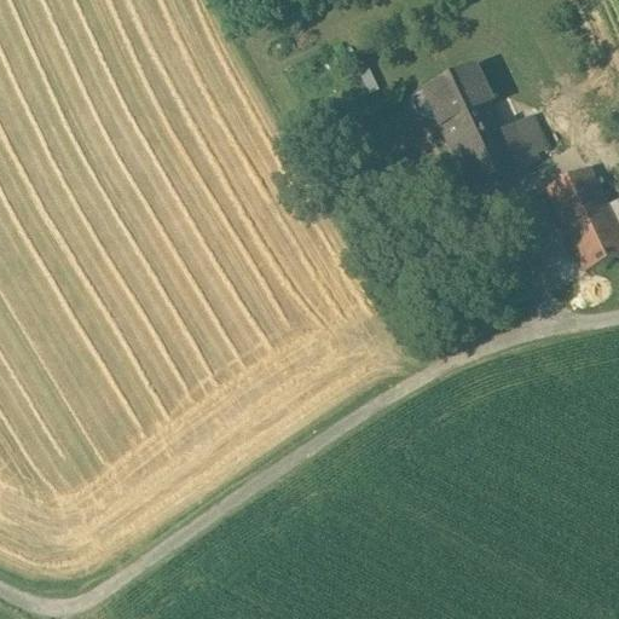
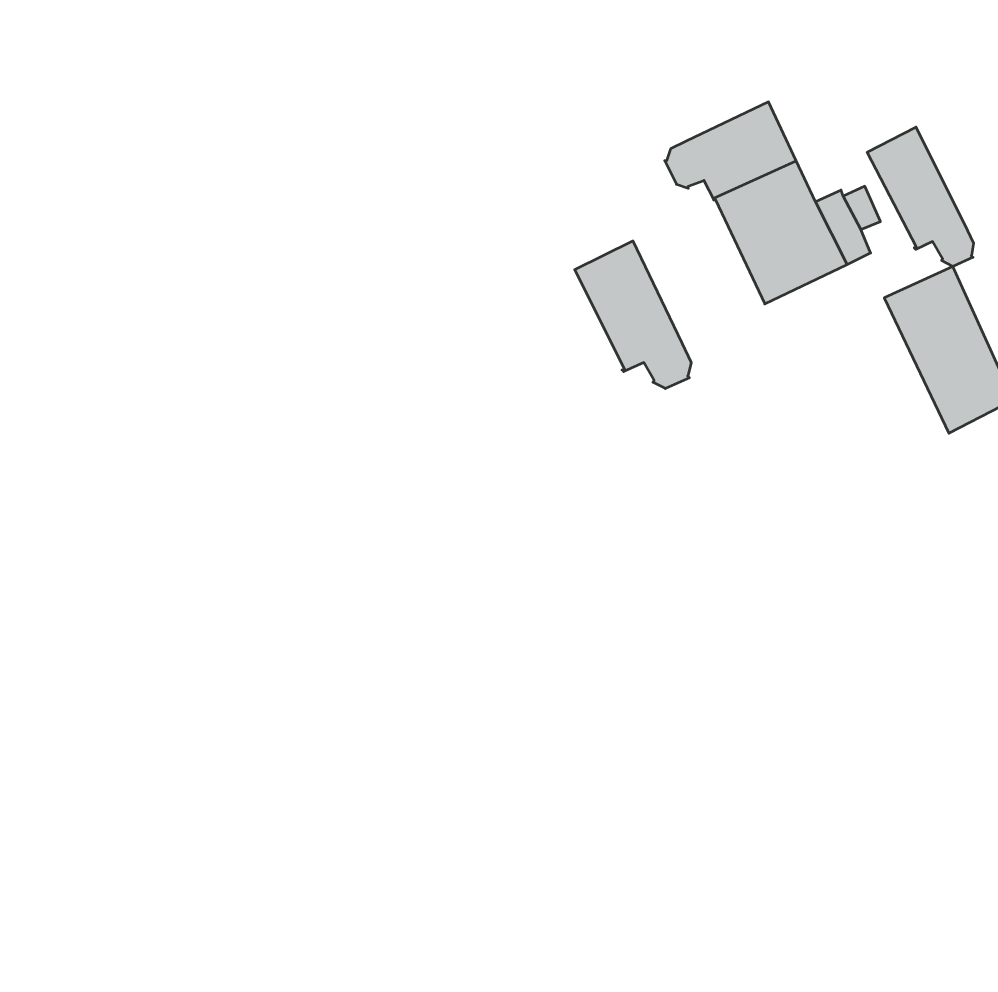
building: none -> [867,127,974,267]
building: none -> [575,241,691,389]

